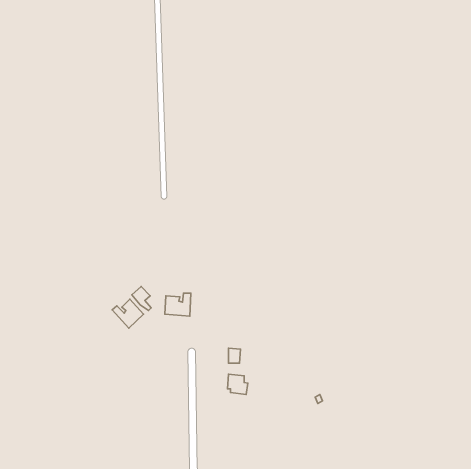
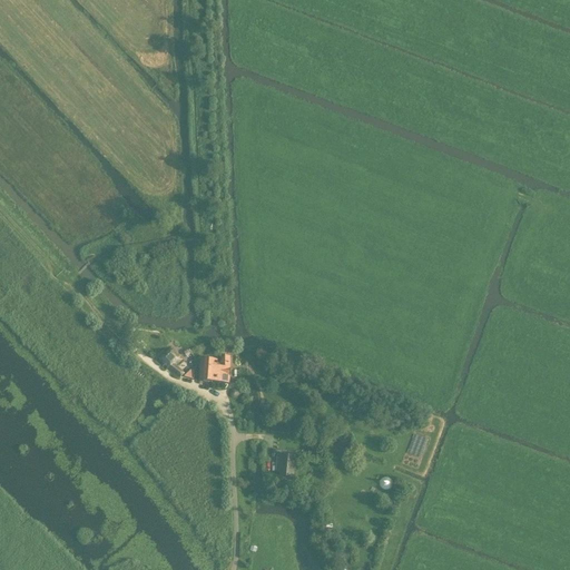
building: [112,299,143,328] -> none

